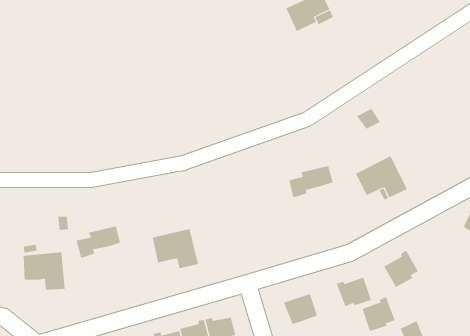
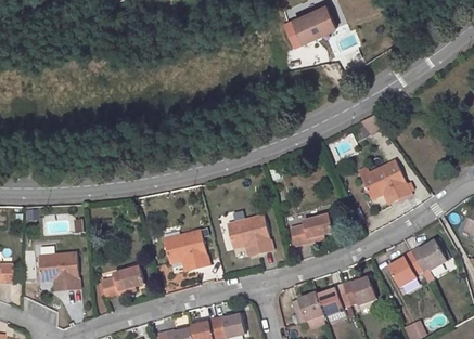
building: [288,166,333,198] -> [290,214,333,246]
building: none -> [227,214,272,253]
building: [76,226,121,258] -> [101,266,144,298]
building: none -> [410,239,447,271]
building: [362,297,396,331] -> [318,283,350,316]

